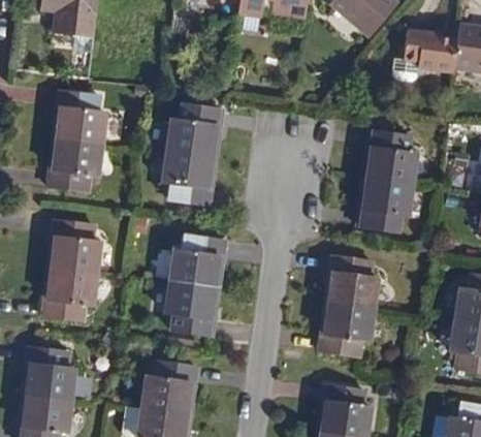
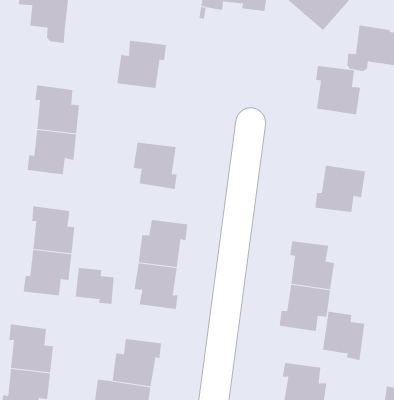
building: [167,108,221,160] -> [117,40,167,88]
building: [367,133,416,186] -> [315,65,361,115]
building: none -> [75,267,114,305]
building: none -> [322,311,365,361]

